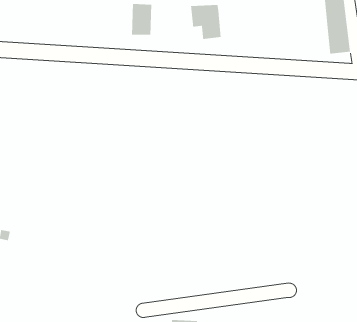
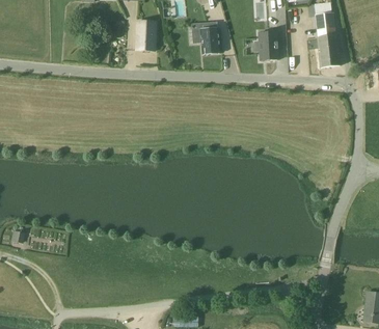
building: none -> [254,31,279,60]

